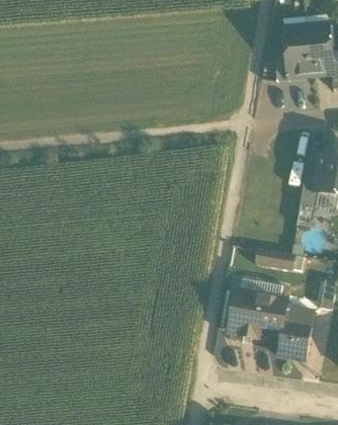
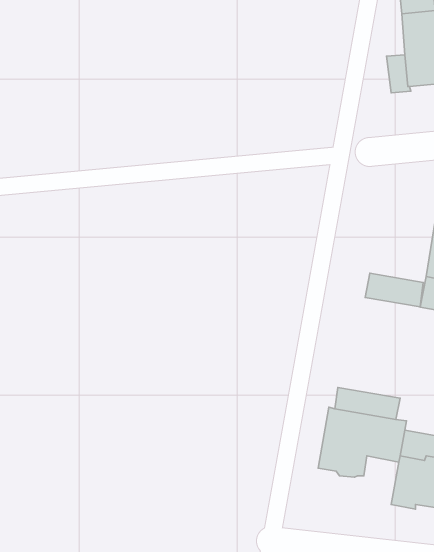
building: [255,248,293,270] -> [365,273,423,307]

